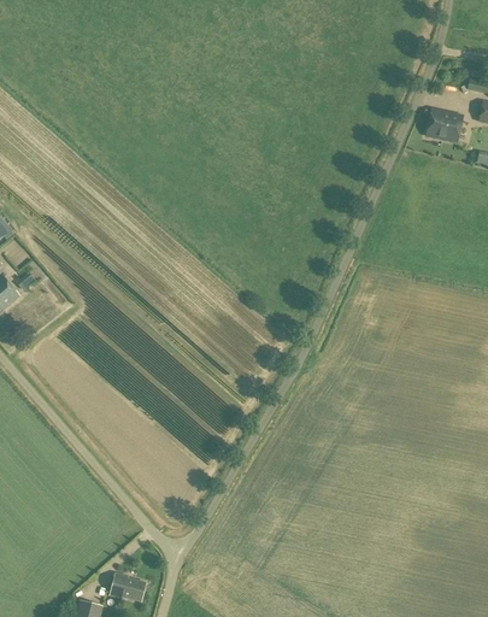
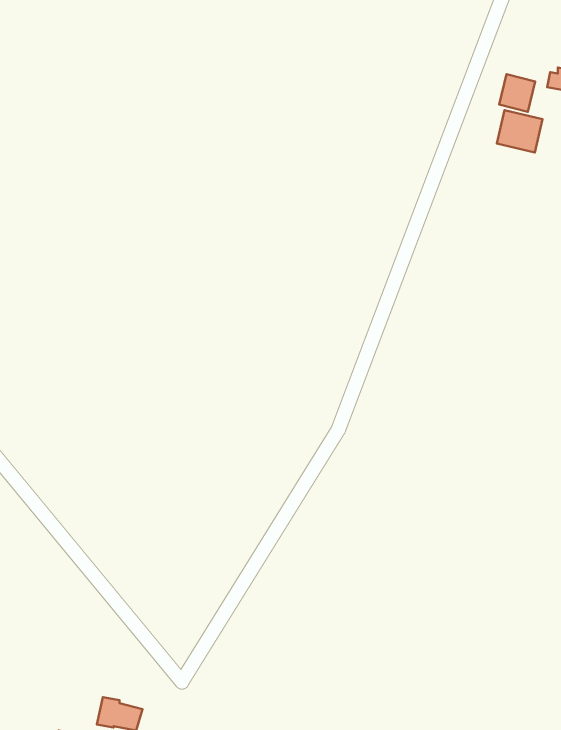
building: none -> [499,74,535,112]

